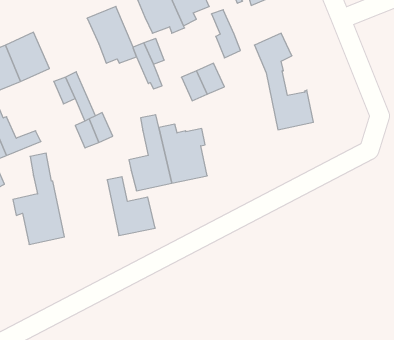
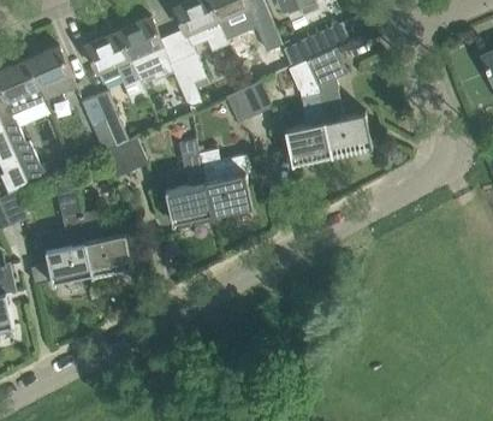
building: none -> [283,23,349,66]
building: none -> [85,30,139,87]
building: none -> [284,91,332,164]
building: [107,177,155,236] -> [79,209,133,275]

